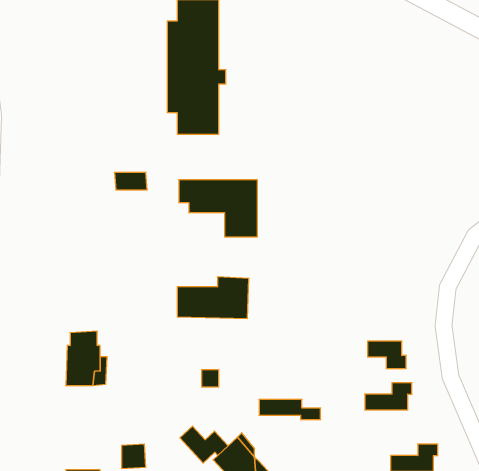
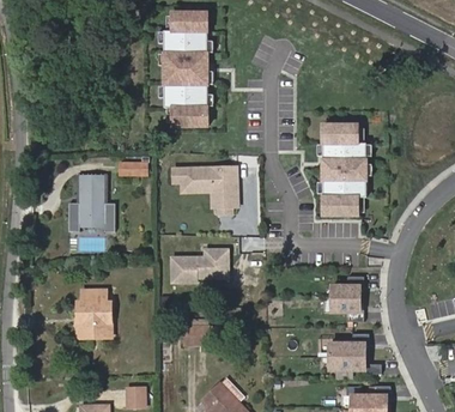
building: none -> [316,126,365,210]
building: none -> [68,176,110,231]
building: none -> [330,277,363,299]
building: [259,400,321,420] -> [328,357,380,374]
building: [180,426,228,463] -> none

